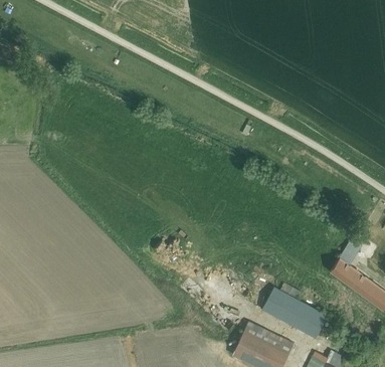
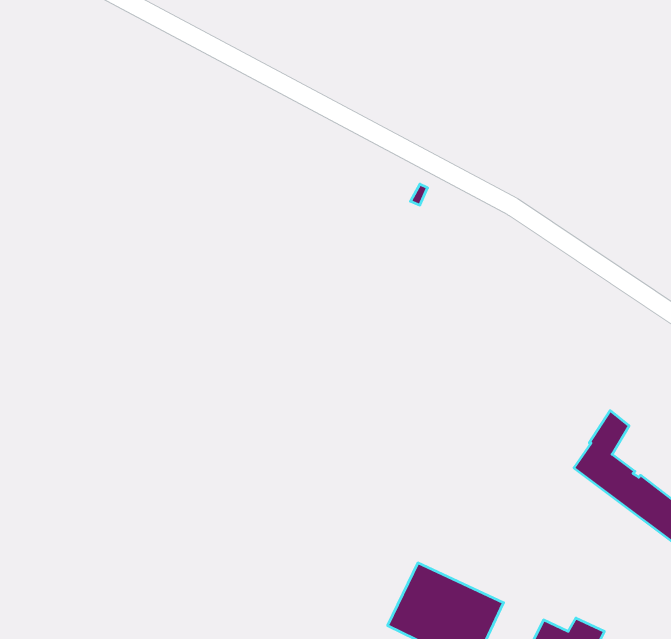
building: [261,283,327,339] -> none

